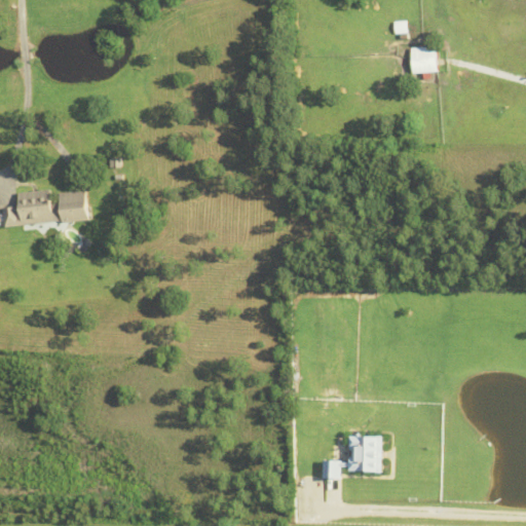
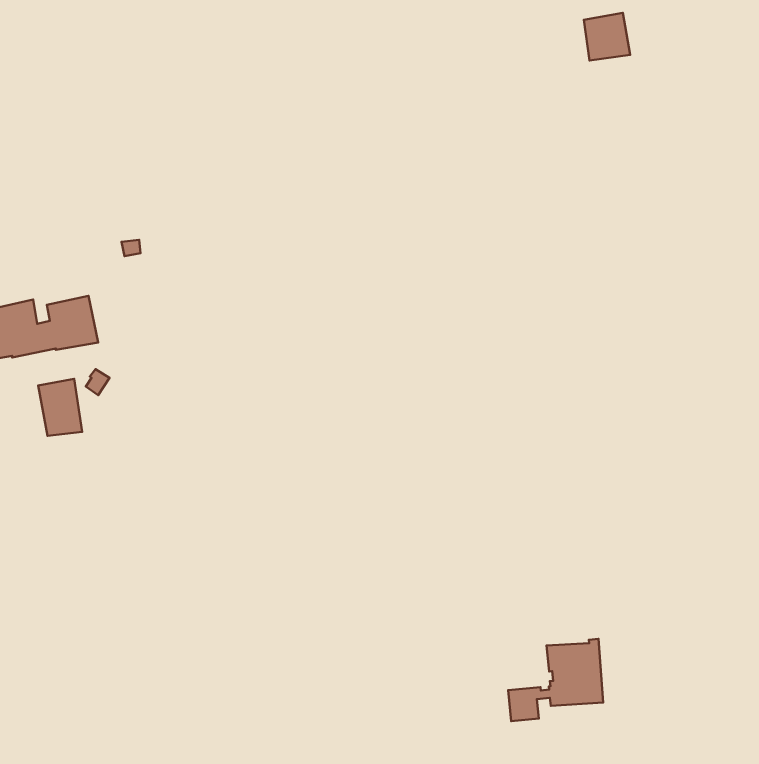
building: none -> [38,379,82,436]

